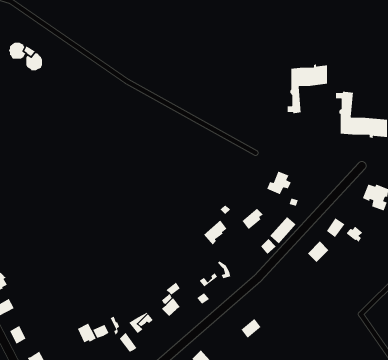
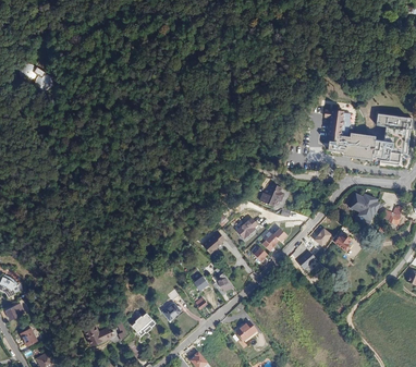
building: [287,63,328,114] -> none

